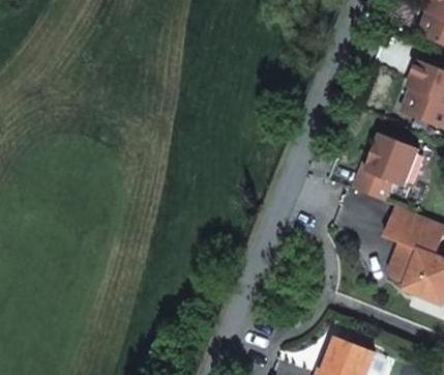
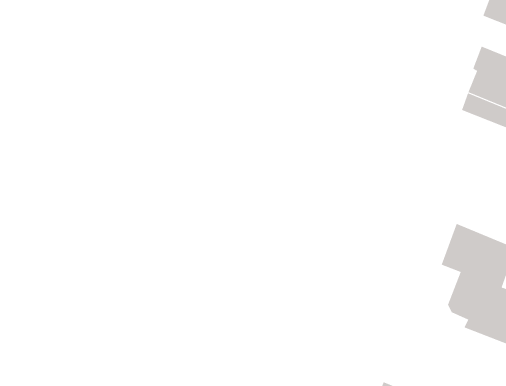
building: [351,133,417,201] -> none

